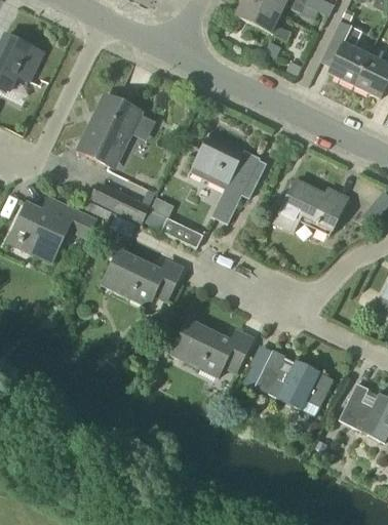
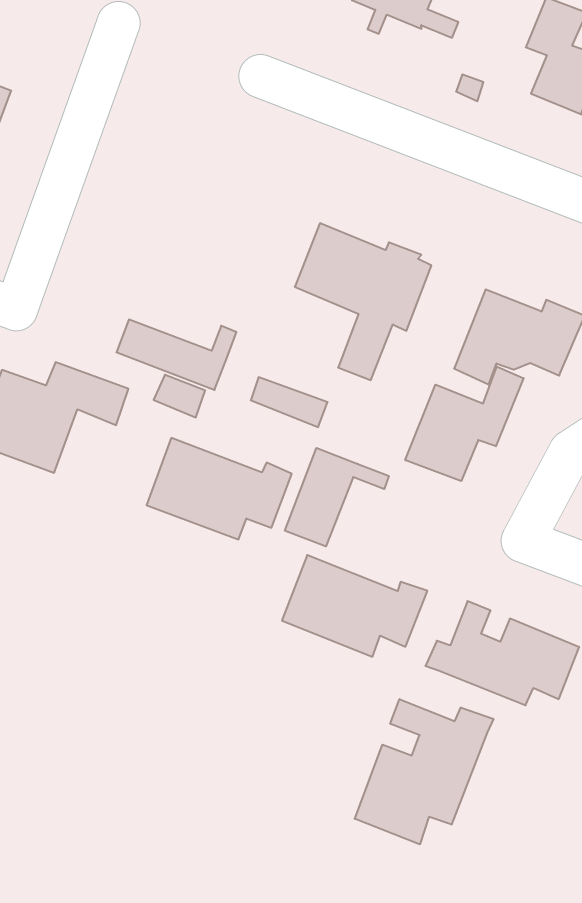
building: [76,95,140,164] -> none
building: none -> [405,366,524,481]
building: none -> [285,448,389,546]
building: none -> [355,699,493,844]

